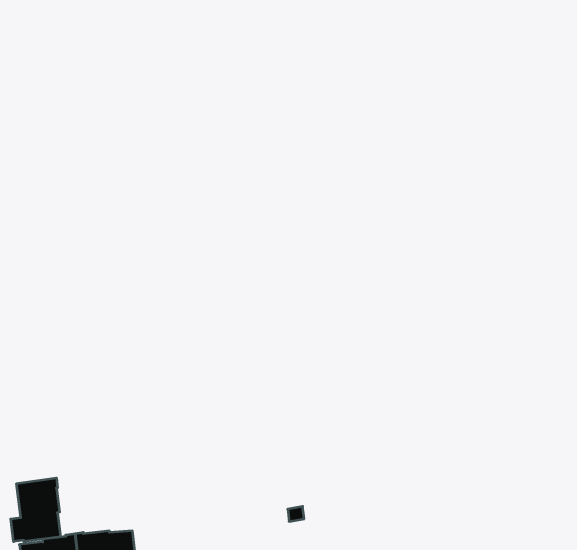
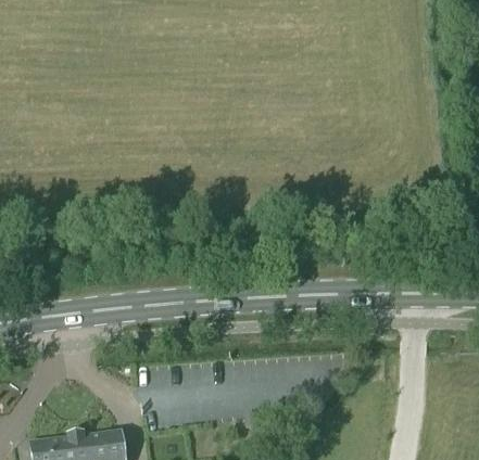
building: [11,478,61,542] -> none

